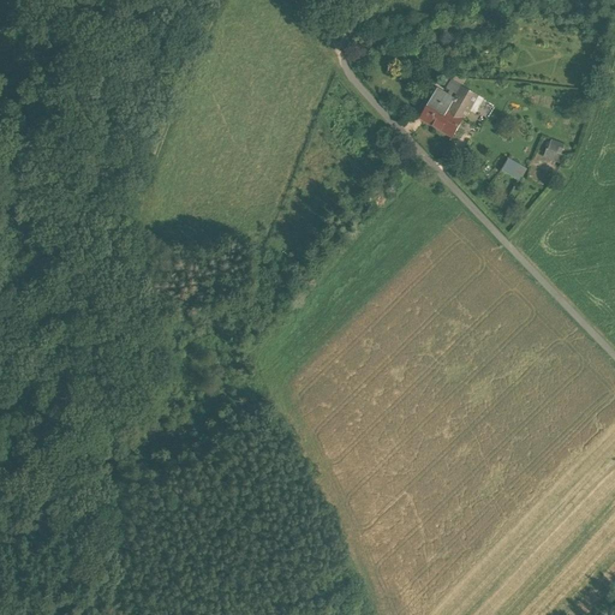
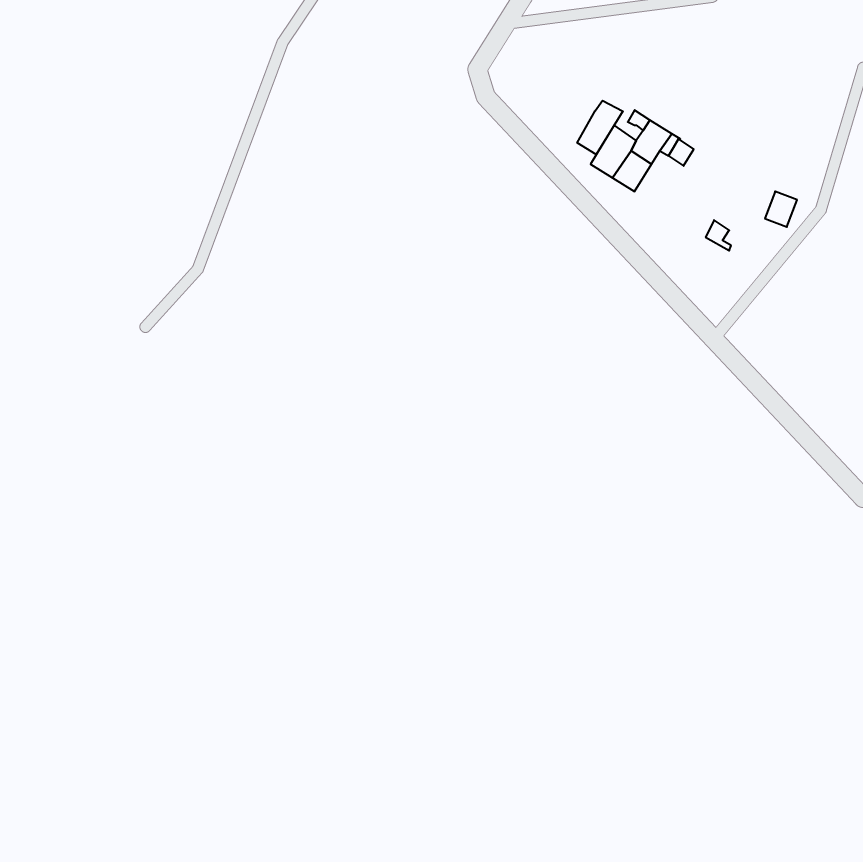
building: none -> [577,101,623,155]

